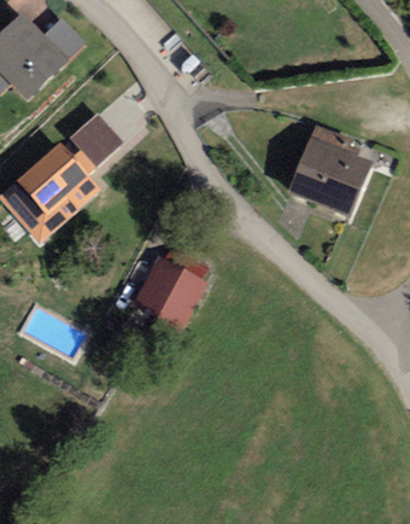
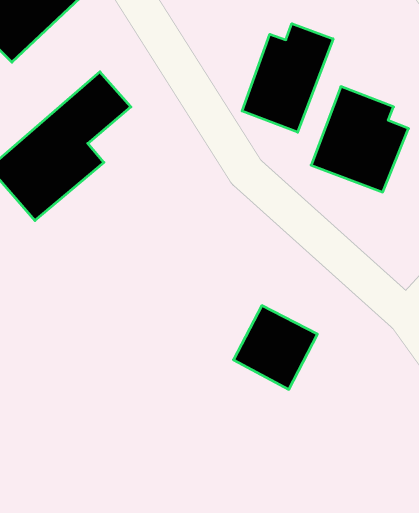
building: none -> [242,24,333,132]
building: [135,257,210,332] -> [233,306,317,389]

